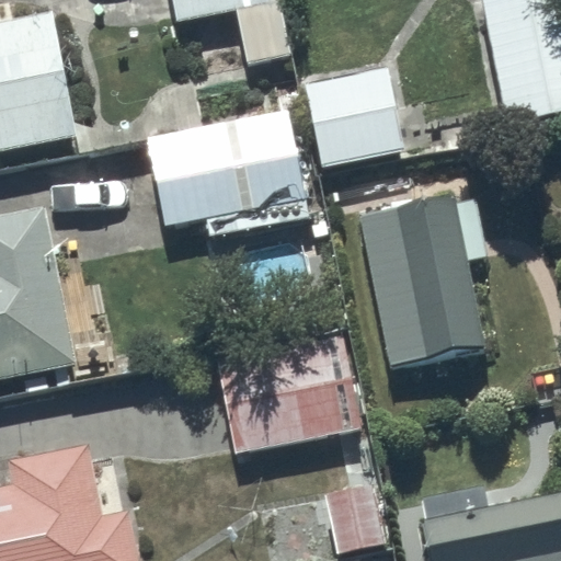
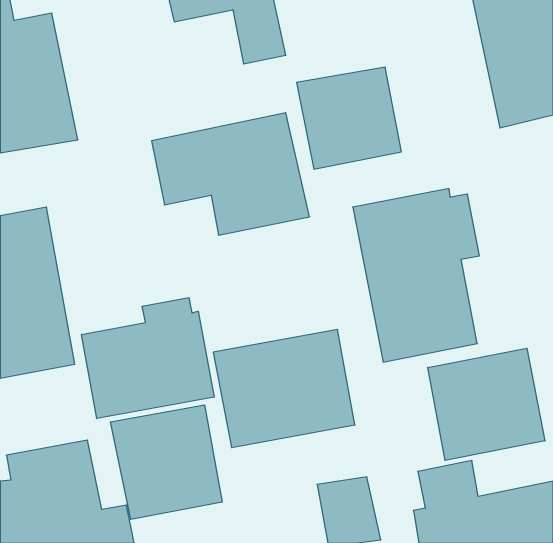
building: none -> [82,298,214,419]
building: none -> [428,348,545,460]
building: none -> [110,405,222,519]

